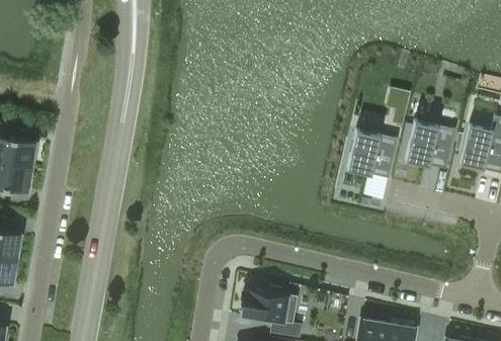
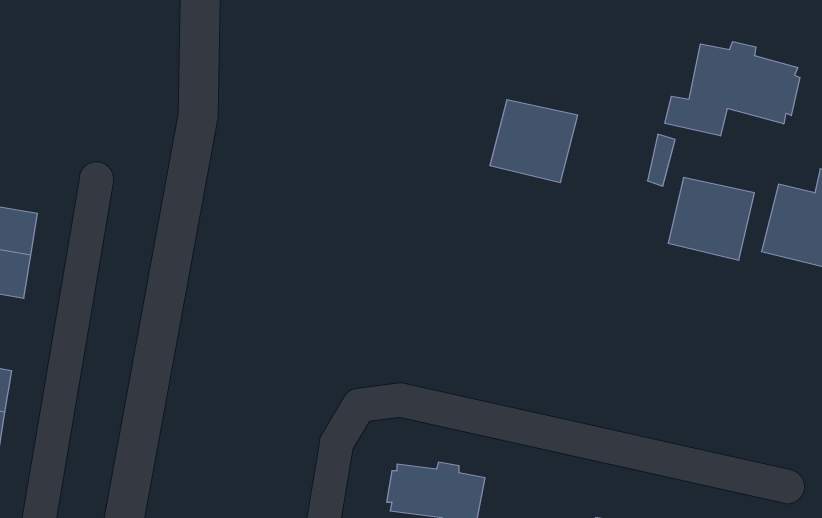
building: none -> [665,42,800,136]
building: [346,130,398,178] -> [490,100,578,183]

